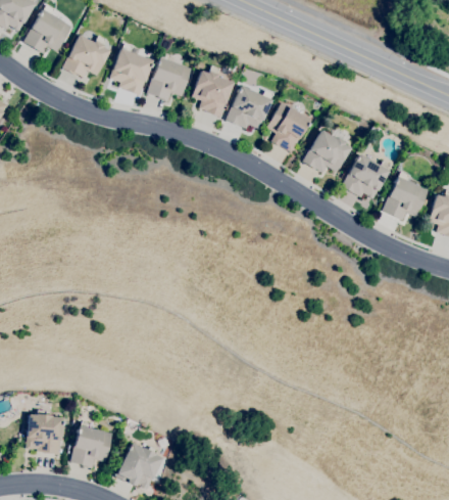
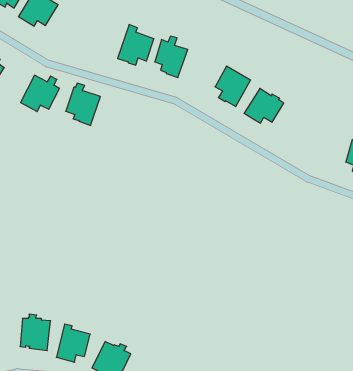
building: [62,34,110,79] -> [21,75,59,112]
building: [110,43,153,95] -> [66,83,100,125]
building: [227,85,276,129] -> none
building: [342,153,393,198] -> none
building: [383,171,430,220] -> none

